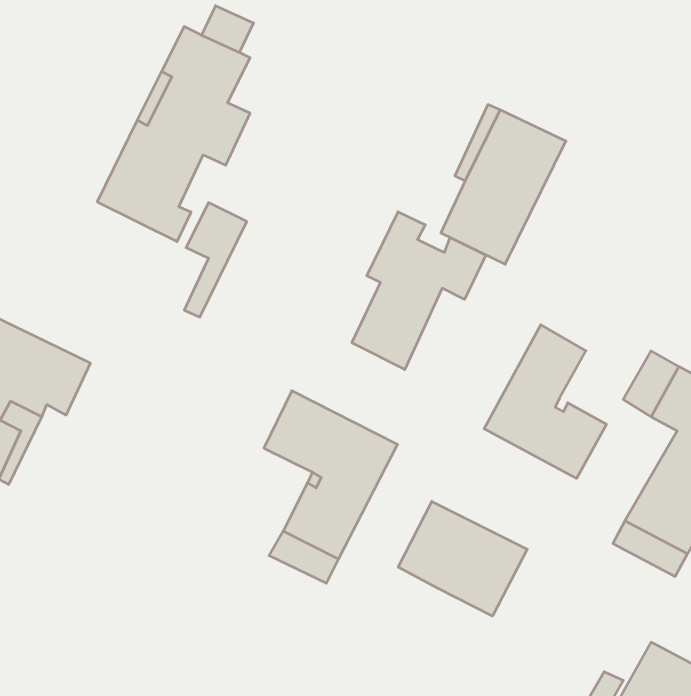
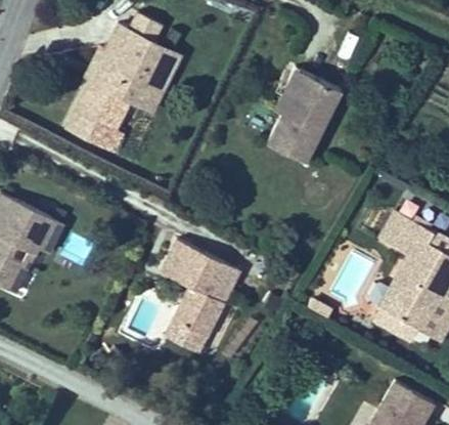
building: [184,203,247,317] -> [142,41,179,109]
building: [352,212,486,370] -> none
building: [484,325,606,478] -> none
building: [398,501,527,616] -> none

